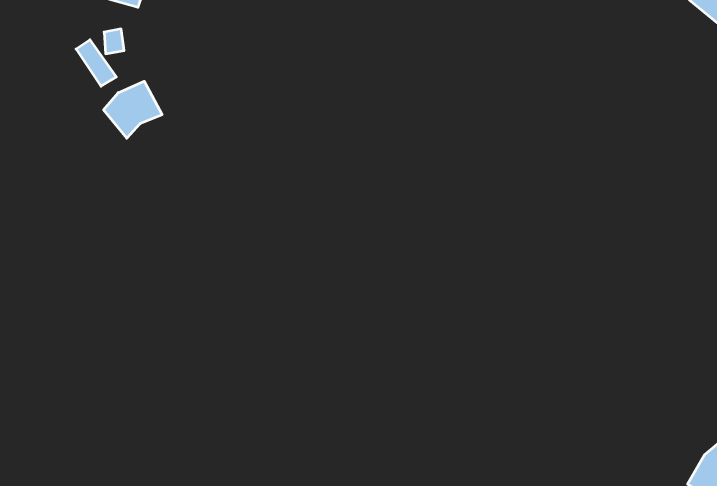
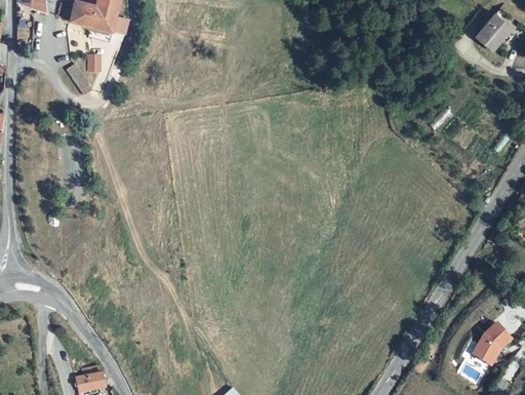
building: [104,81,162,138] -> none

